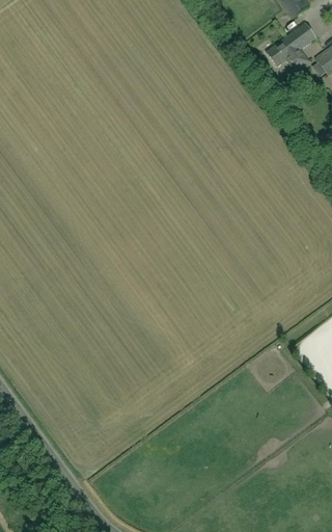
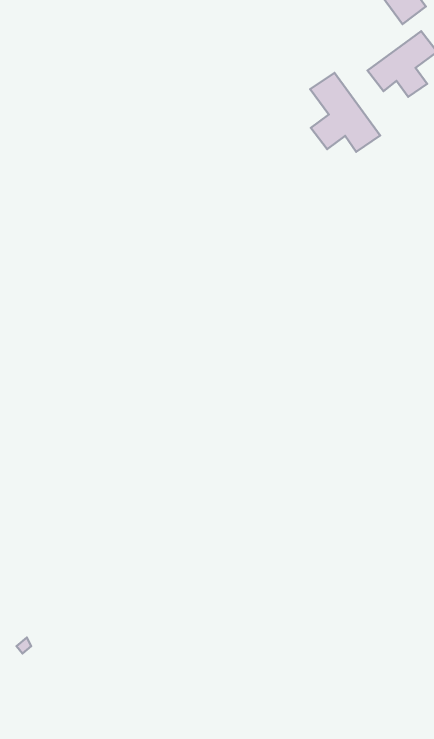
building: none -> [310,73,380,152]

